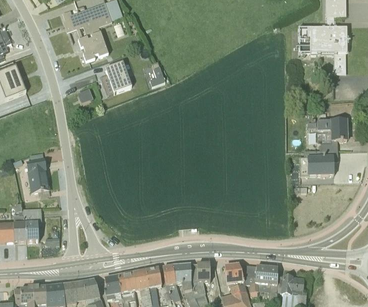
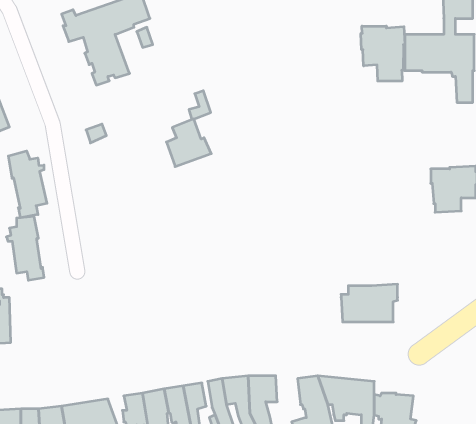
building: none -> [361,26,405,81]
building: [101,62,132,95] -> [166,119,211,167]
building: none -> [8,151,47,218]
building: [299,149,338,175] -> [341,284,398,322]
building: [26,208,42,240] -> none

